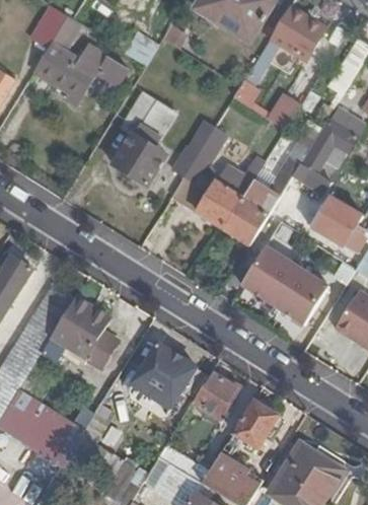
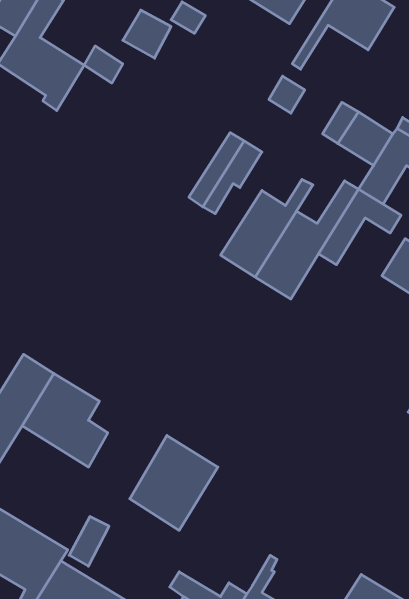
building: [112,94,172,187] -> none
building: [240,241,329,323] -> none
building: [192,369,237,418] -> none
building: [233,400,278,448] -> none

